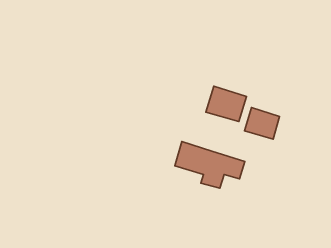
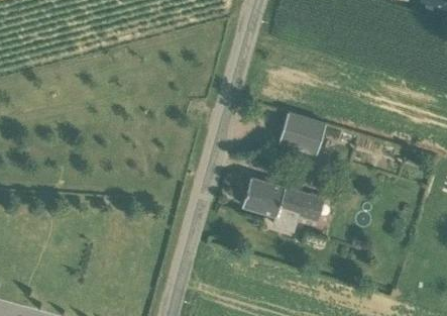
building: [244,108,280,139] -> none

